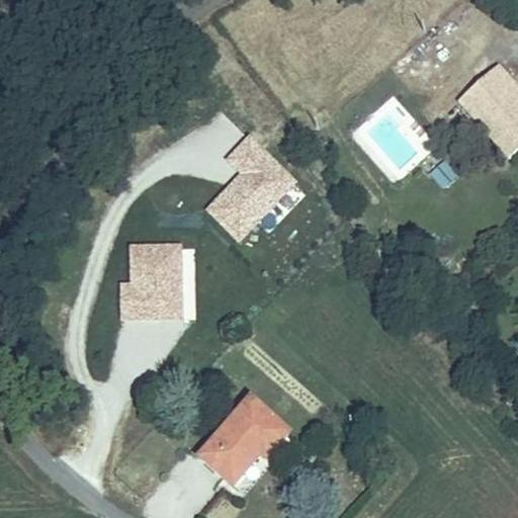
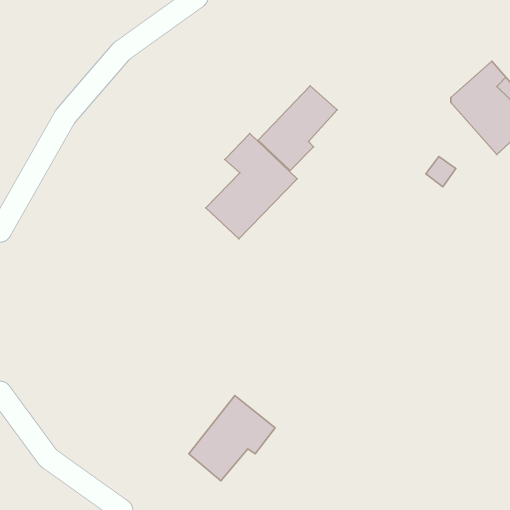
building: none -> [258,86,337,171]
building: [123,240,193,319] -> none

